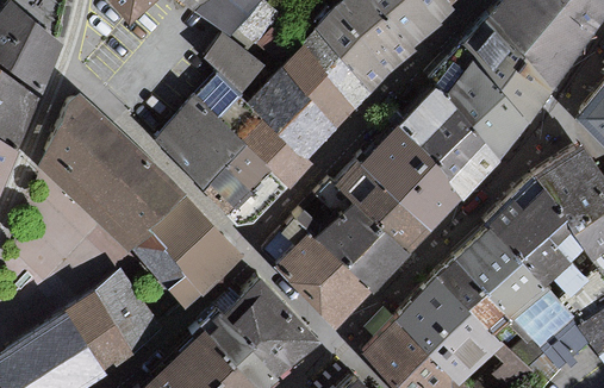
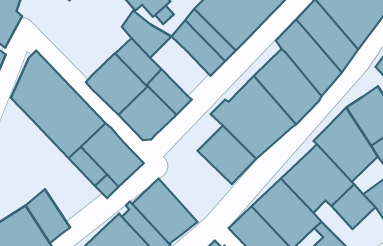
building: [248,71,336,159] -> none
building: [275,231,367,321] -> none
building: [94,275,160,350] -> none

